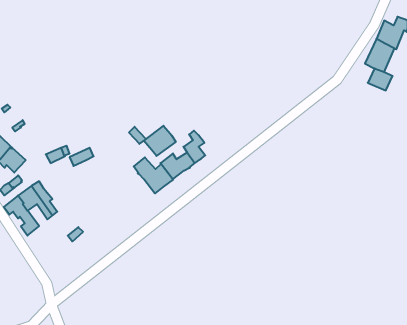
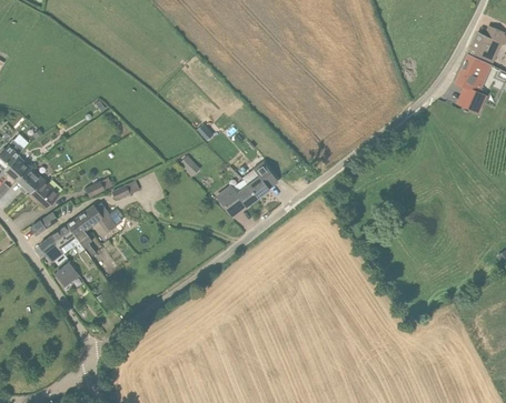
building: [144,126,176,156] -> none
building: [134,157,173,193] -> none
building: none -> [76,203,122,233]

